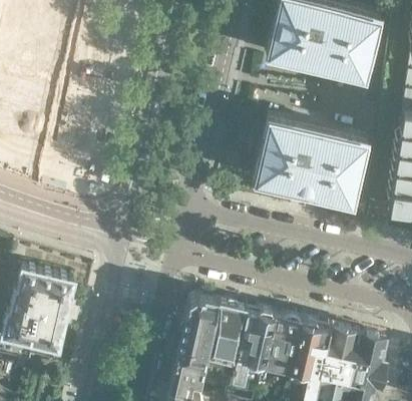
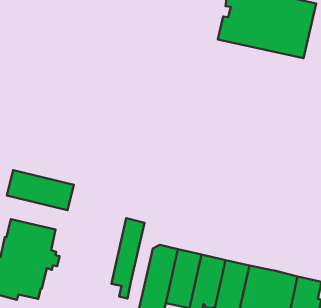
building: [256,119,370,207] -> none
building: none -> [7,170,74,210]
building: none -> [112,218,144,298]

